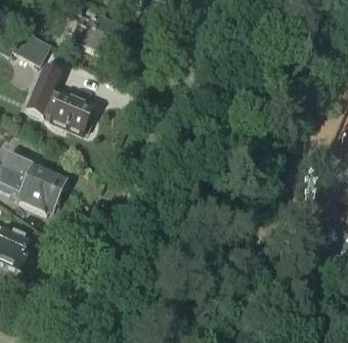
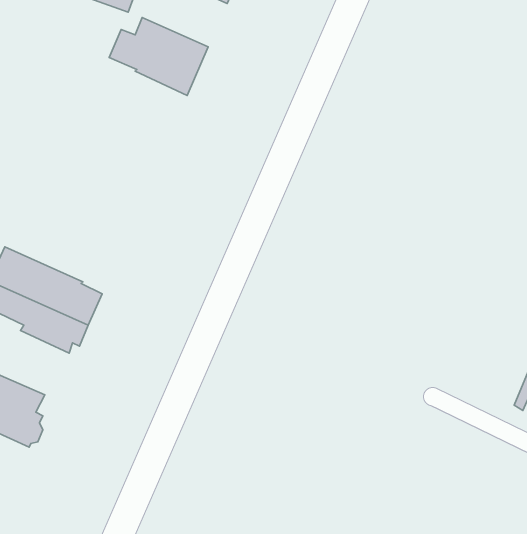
building: [11,29,49,65] -> none
building: [26,67,92,132] -> none

